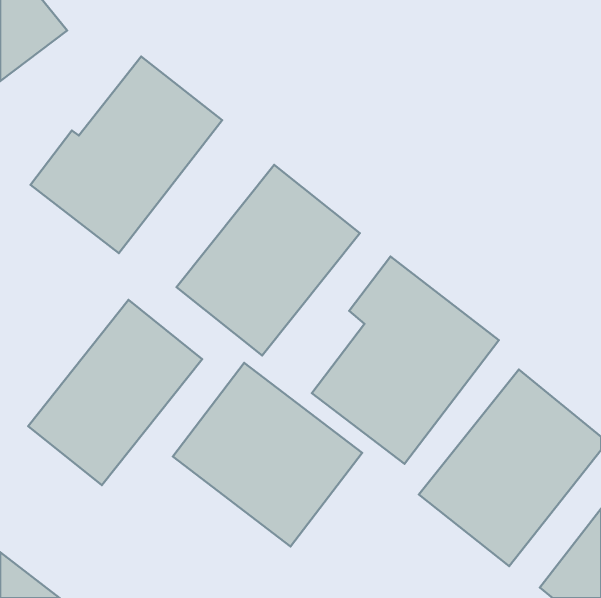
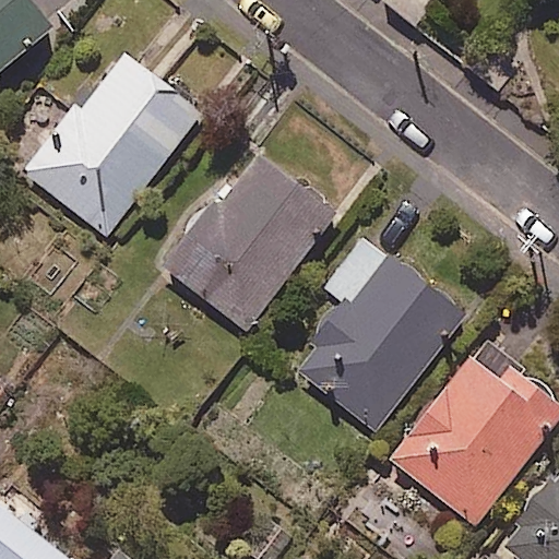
building: [28,300,202,485] -> none
building: [173,363,362,546] -> none

